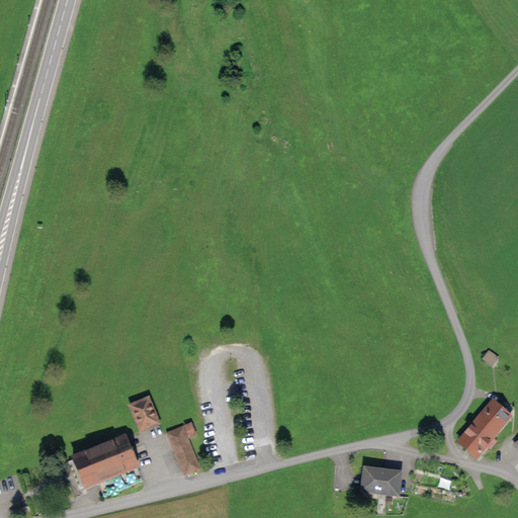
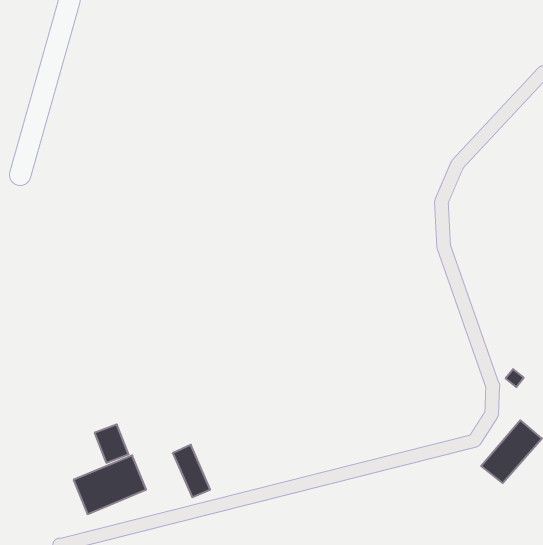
building: [126,393,159,429] -> [95,424,129,463]
building: [358,465,403,496] -> none

